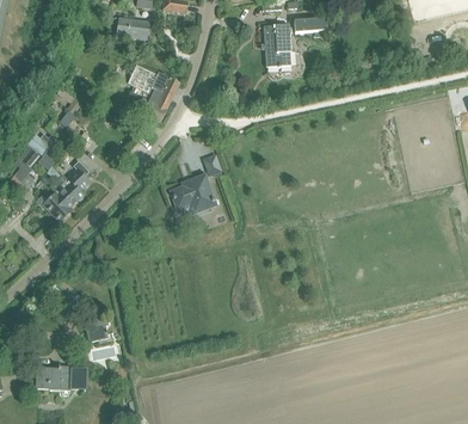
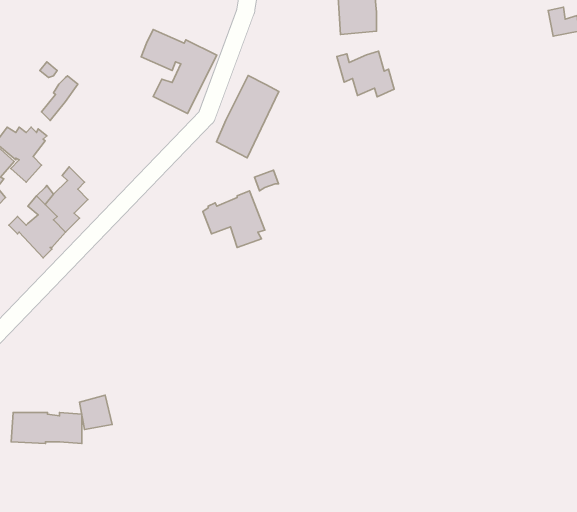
building: none -> [337,51,394,97]
building: none -> [216,76,279,158]
building: [36,368,85,389] -> [11,413,82,443]

